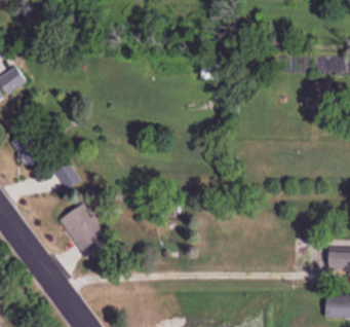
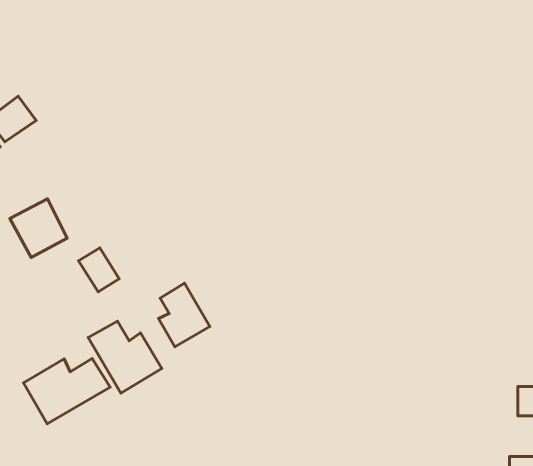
building: none -> [158,283,210,347]
building: none -> [24,359,110,424]

